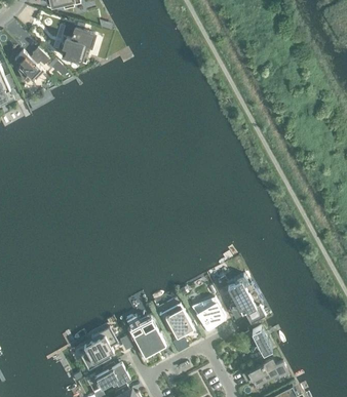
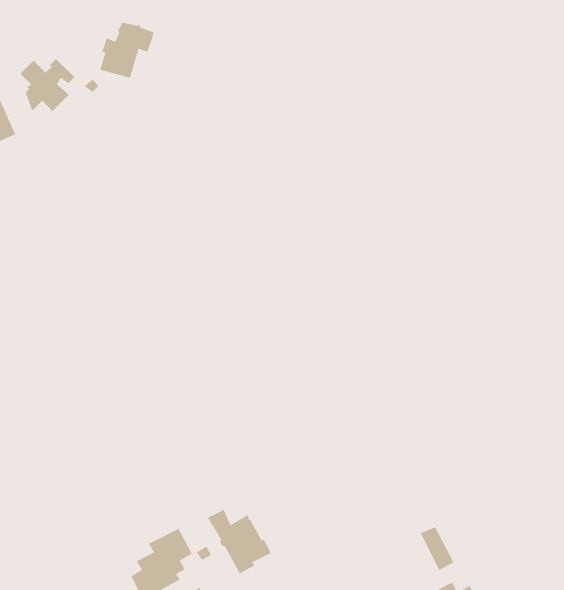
building: [227,275,265,323] -> none
building: [194,299,225,329] -> none
building: [162,305,194,339] -> none

